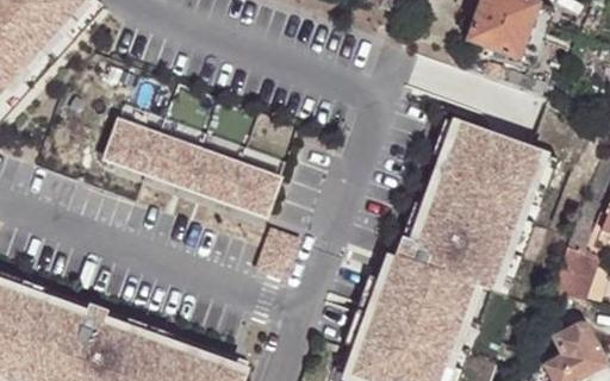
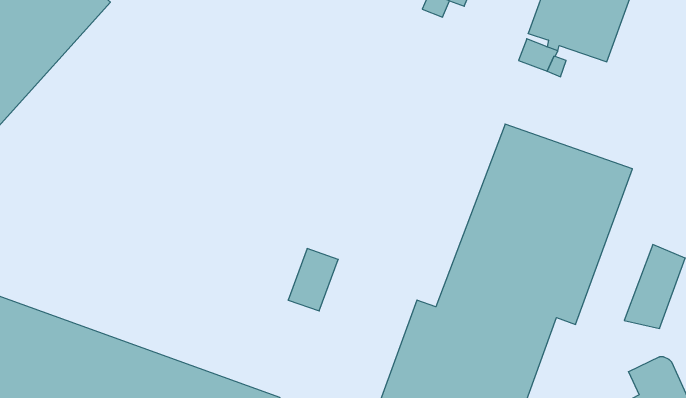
building: [104,119,278,213] -> none

